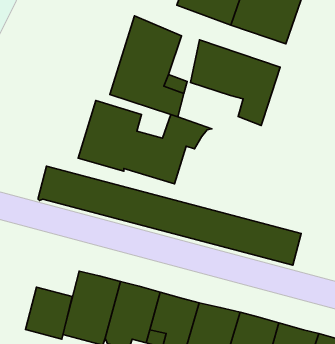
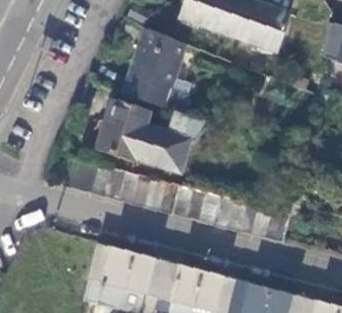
building: [190,40,280,126] -> none
building: [25,287,72,339] -> none

